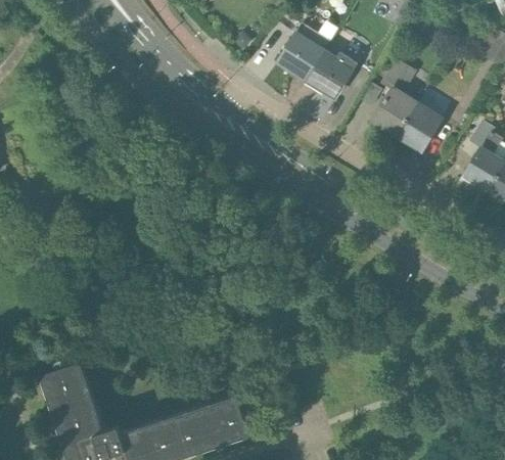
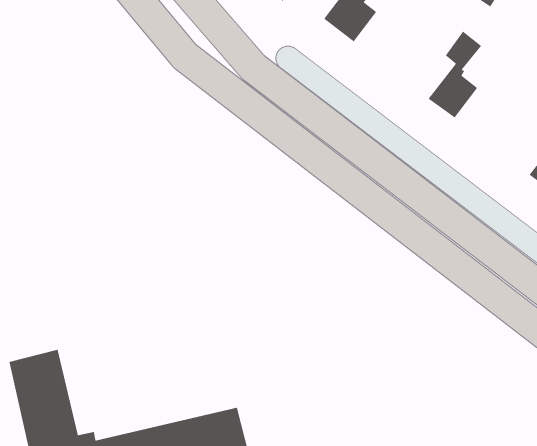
building: [306,51,357,97] -> none
building: [397,107,442,150] -> none

